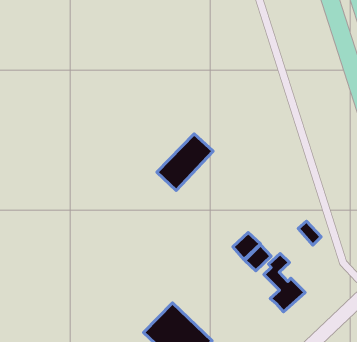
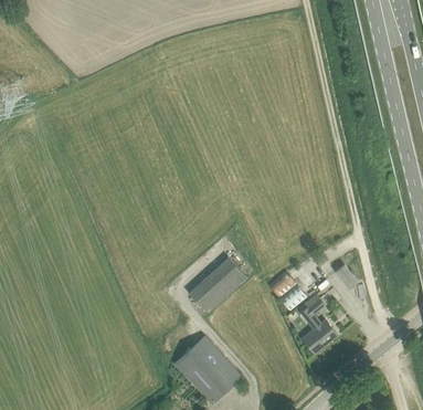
building: [157,134,213,191] -> [189,257,246,313]

